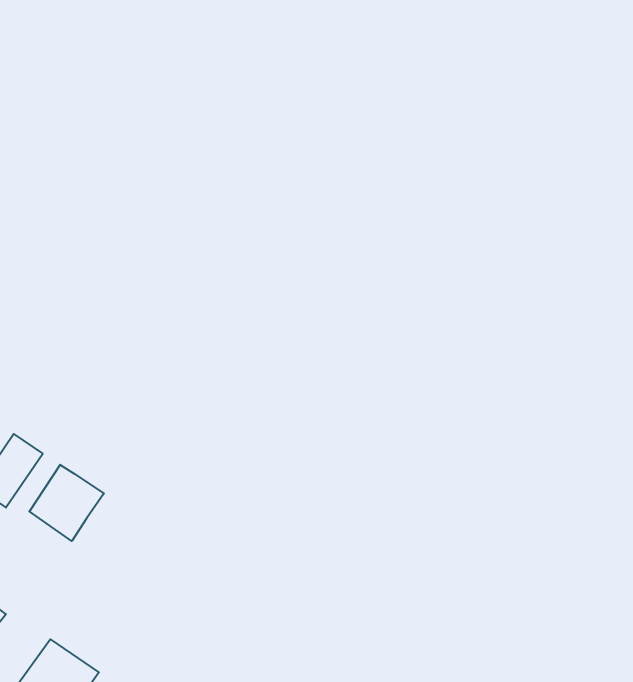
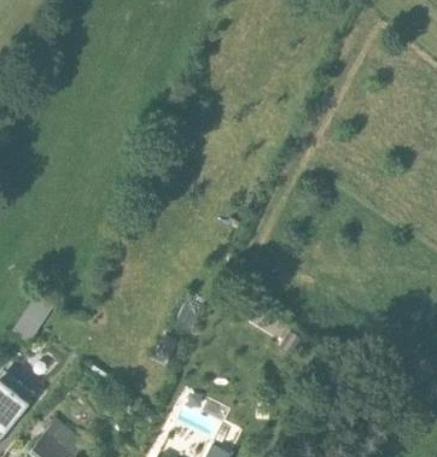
building: [29,465,104,541] -> none

